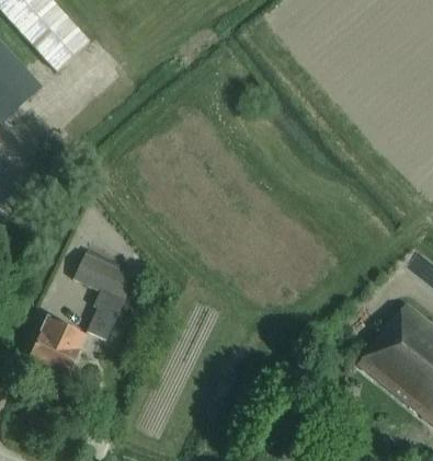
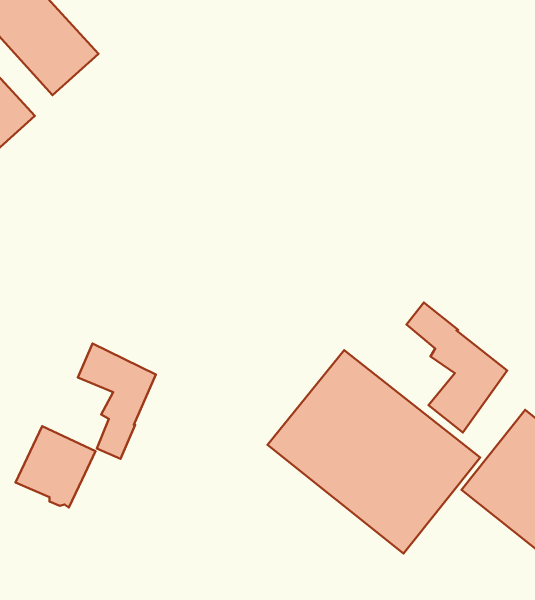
building: none -> [407,303,507,432]
building: none -> [267,350,480,553]

